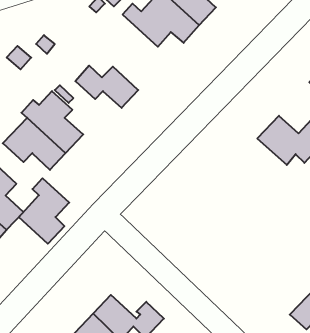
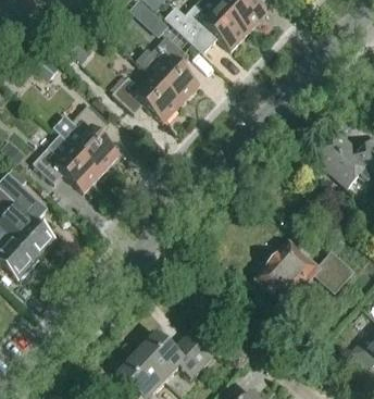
building: none -> [151,35,201,103]
building: [19,178,69,244] -> none
building: none -> [255,240,351,306]

